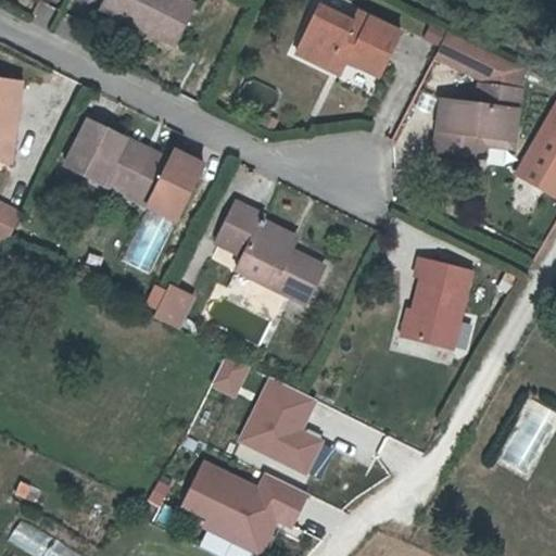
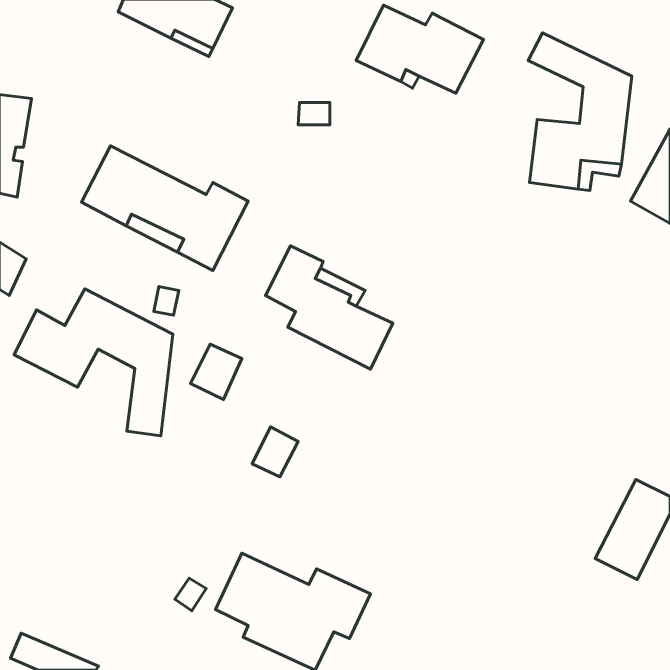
building: none -> [14,289,173,436]
building: [408,256,475,345] -> none
building: [236,375,323,472] -> none

